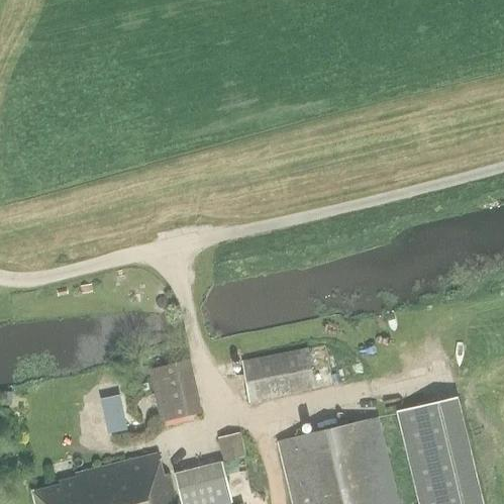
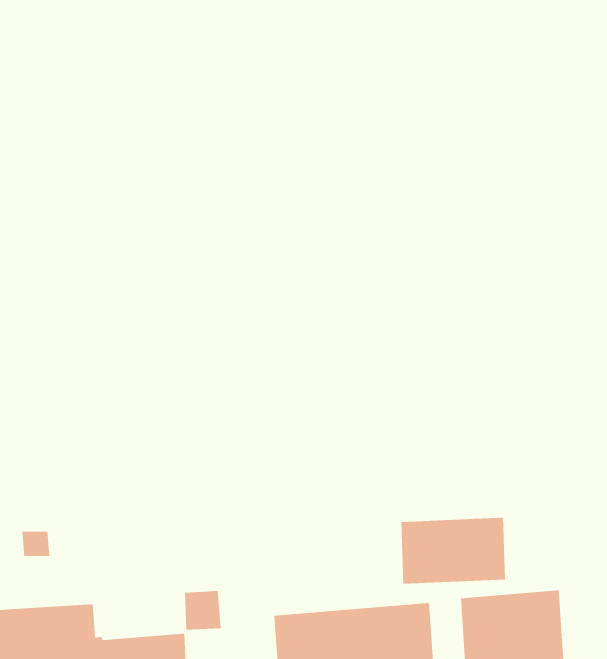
building: [239,348,314,403] -> [400,517,506,584]
building: [150,364,202,424] -> none

